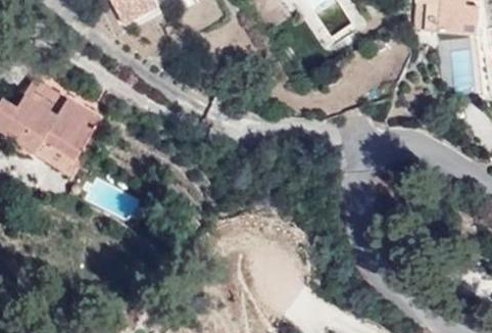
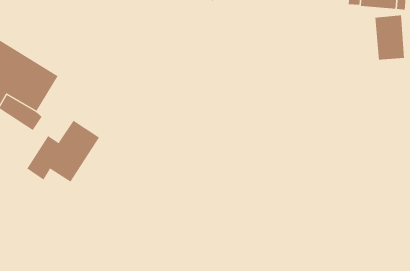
building: none -> [27,120,100,182]

